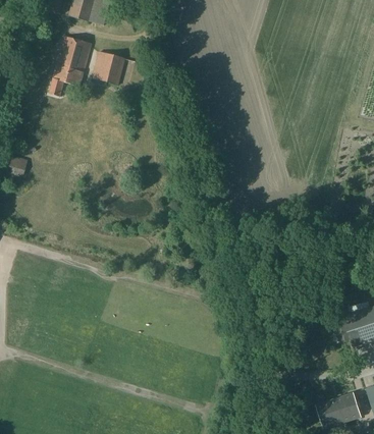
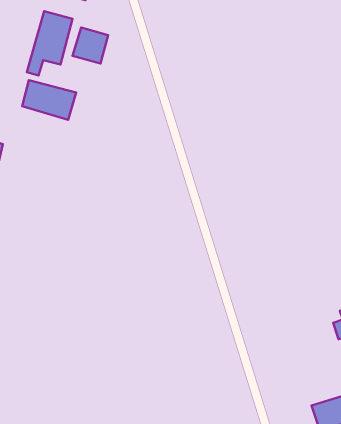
building: none -> [22,80,76,120]

